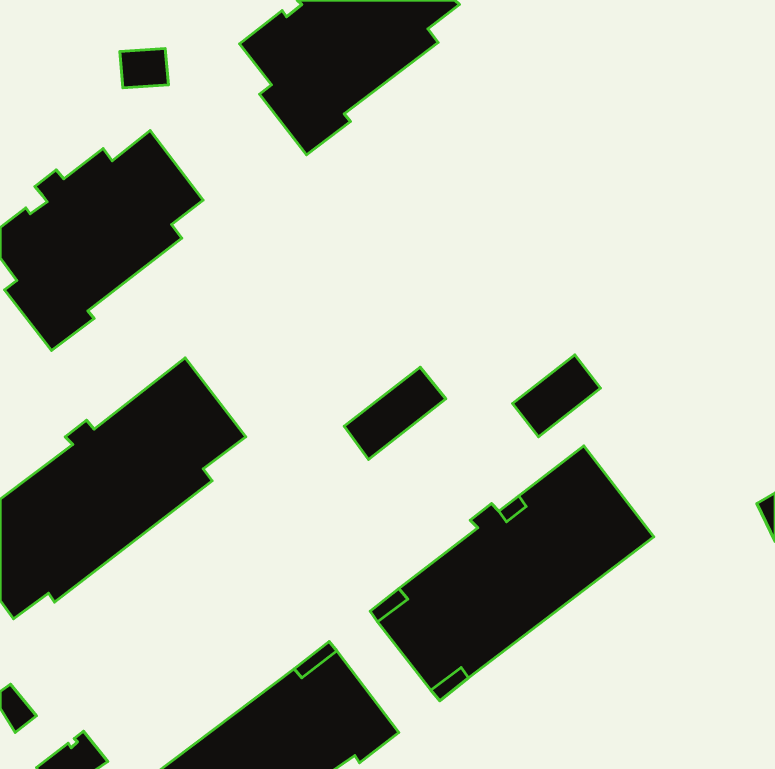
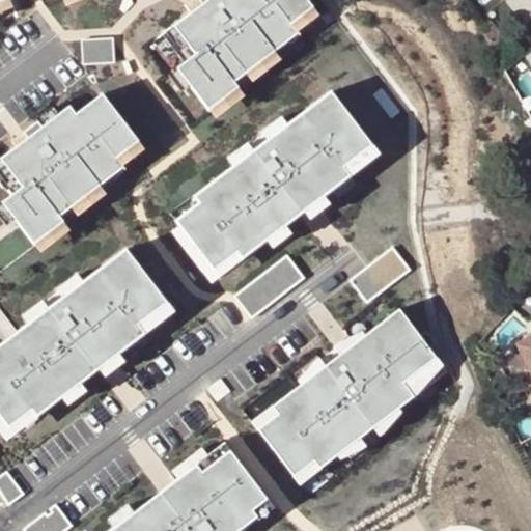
building: none -> [176,91,372,270]

